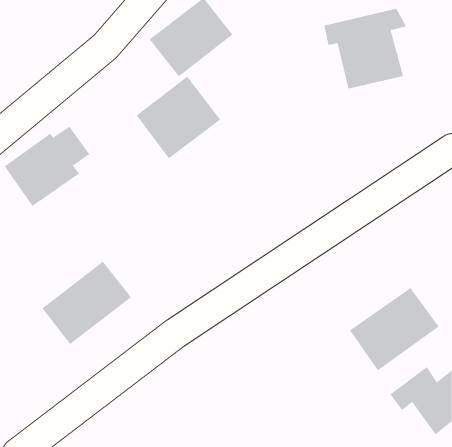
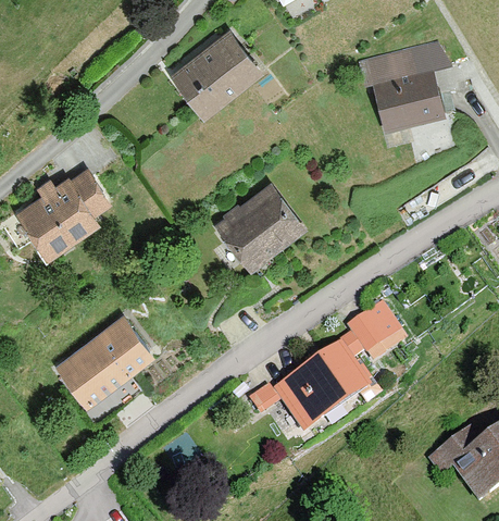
building: [136,76,221,159] -> [215,182,307,271]
building: none -> [348,306,397,352]
building: [349,287,439,371] -> [274,344,371,434]

